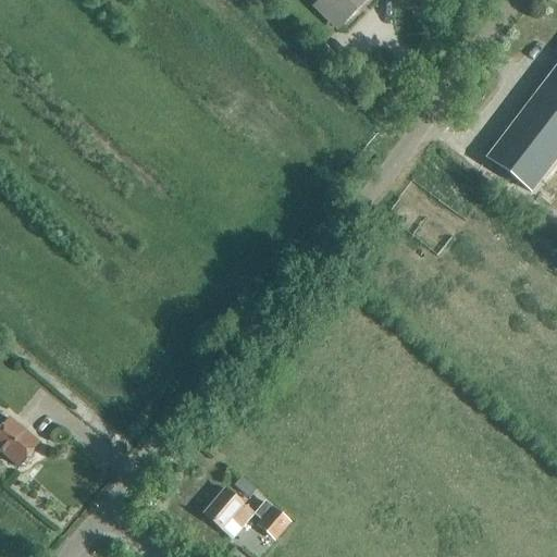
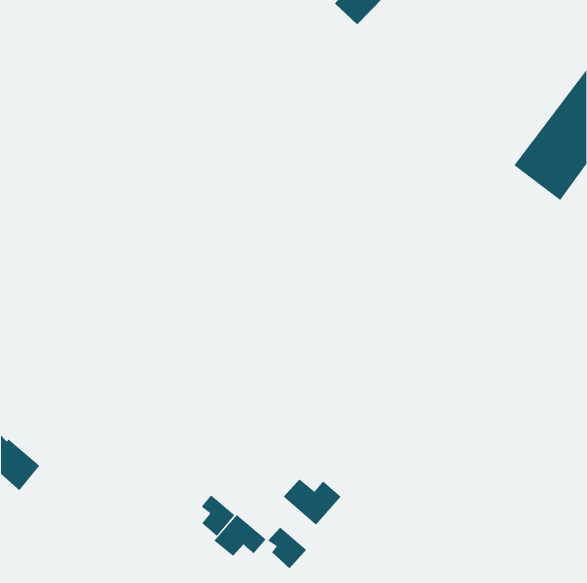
building: none -> [283,479,341,525]
building: none -> [201,495,235,537]

